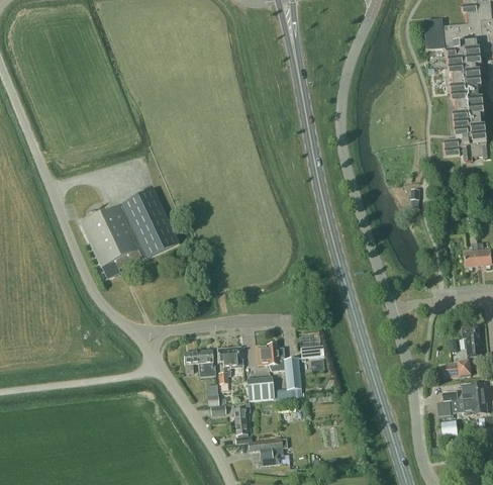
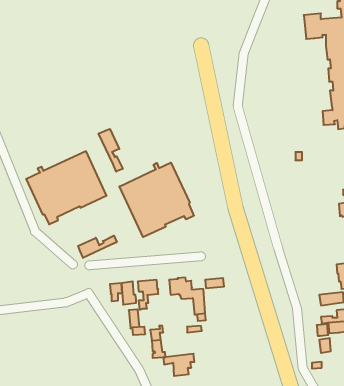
building: none -> [99,129,123,172]
building: none -> [119,163,194,237]
building: none -> [78,236,117,258]
building: [247,378,273,400] -> none

